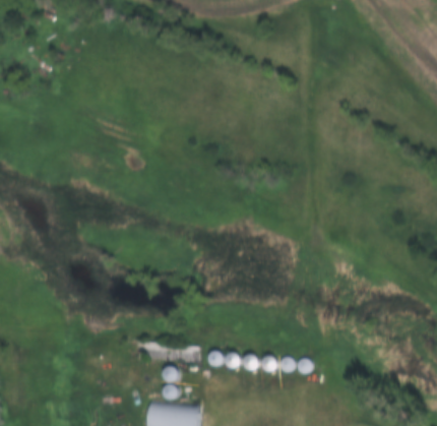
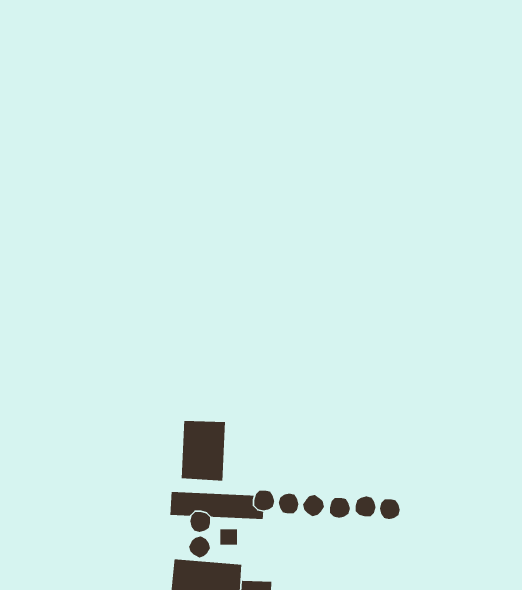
building: none -> [181,420,226,481]

